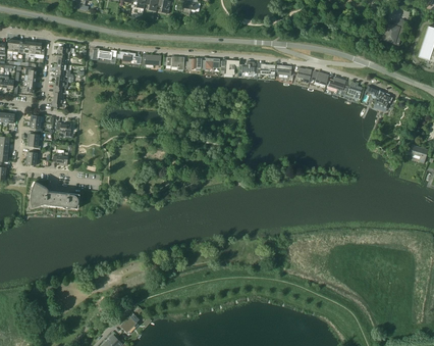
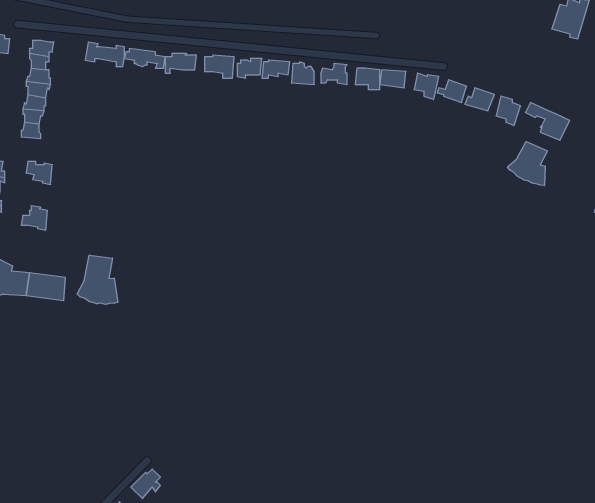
building: none -> [508,142,547,186]
building: none -> [77,255,118,304]

